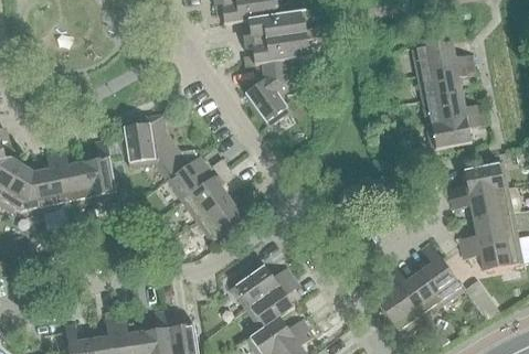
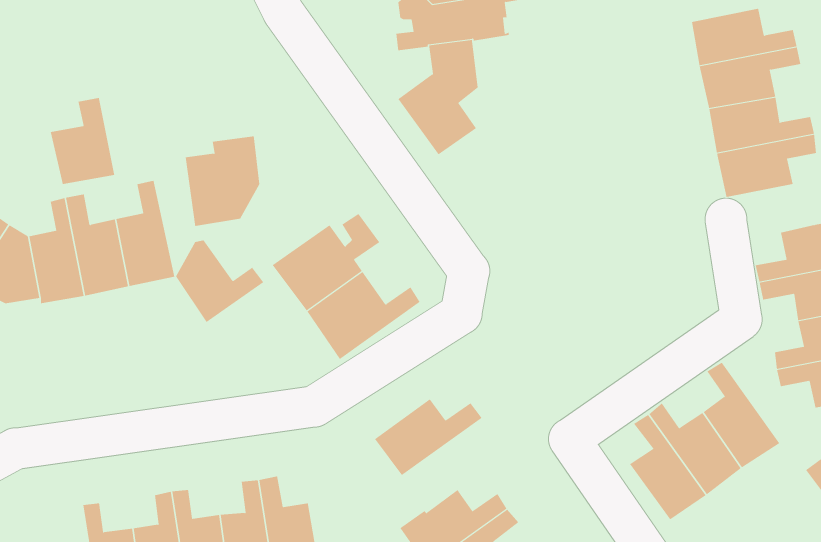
building: none -> [50,97,115,185]
building: [155,140,205,187] -> [175,240,264,323]
building: [246,275,298,329] -> none

